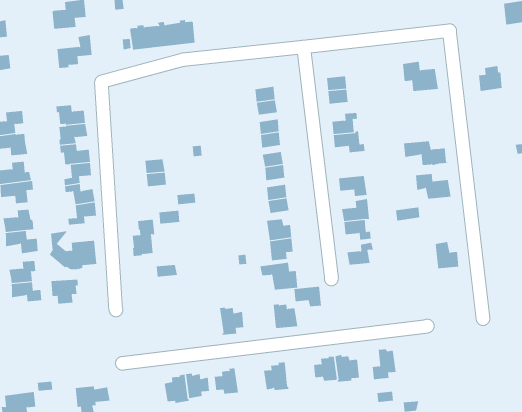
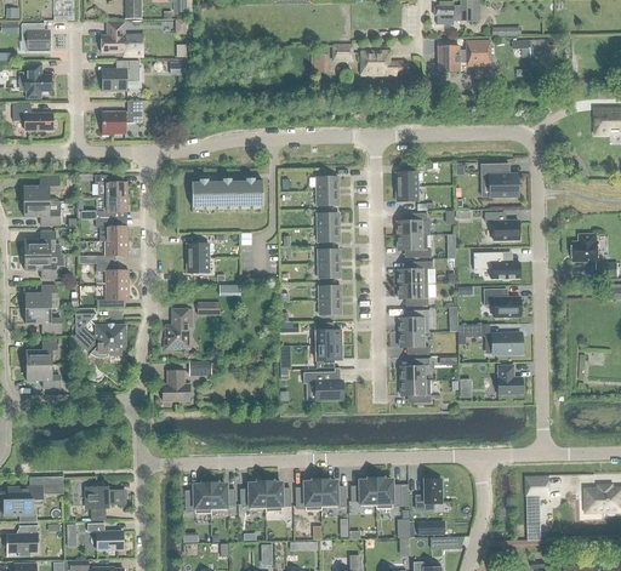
building: [129,20,196,51] -> [190,178,262,207]
building: [478,65,503,91] -> [572,234,598,261]
building: none -> [484,212,519,240]
building: none -> [398,261,432,284]
building: none -> [491,333,522,354]
building: none -> [161,370,189,400]
building: [51,279,79,305] -> none
building: [294,286,322,307] -> [400,381,429,402]
building: [273,304,298,329] -> [320,480,346,507]
building: [219,307,244,335] -> [264,481,290,512]
building: none -> [525,476,547,524]

